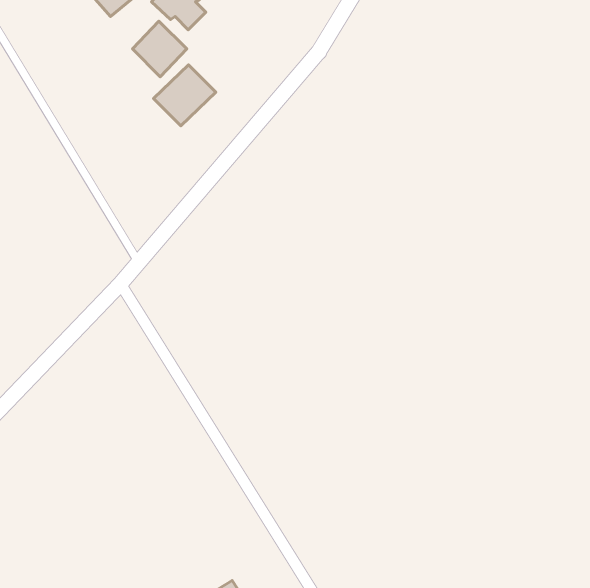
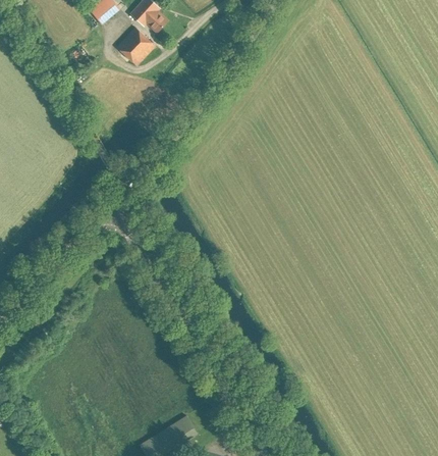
building: [153,65,216,126] -> none

